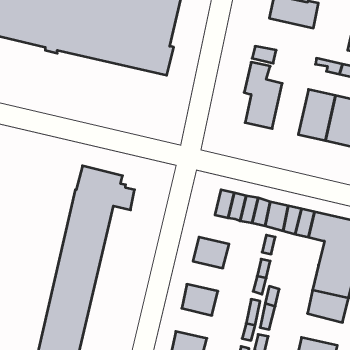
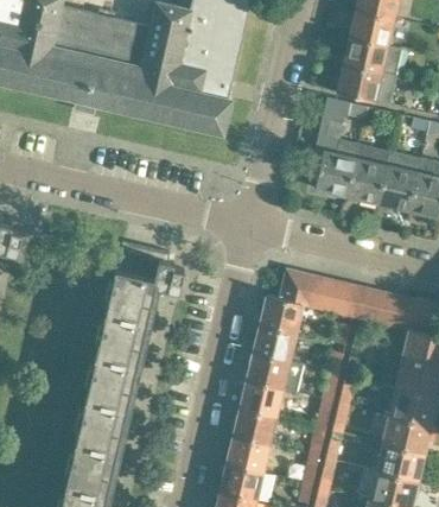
building: none -> [336,66,395,106]
building: none -> [346,144,389,204]
building: none -> [260,296,303,334]
building: none -> [246,354,288,389]
building: none -> [233,410,275,445]
building: none -> [381,416,430,454]

